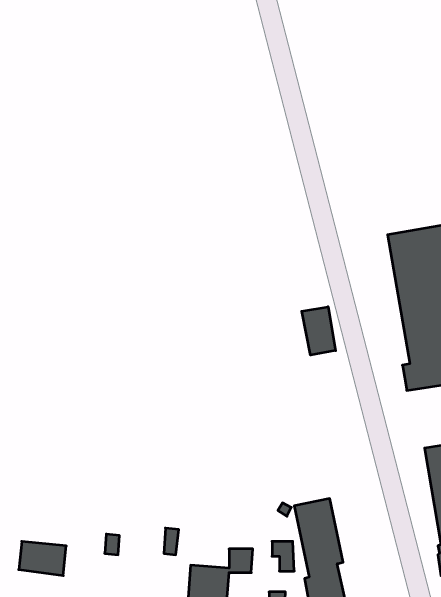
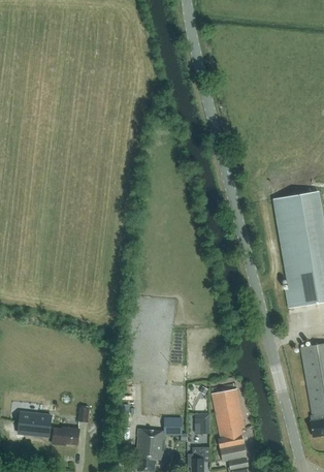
building: [302,307,336,355] -> none
building: none -> [53,428,79,444]

